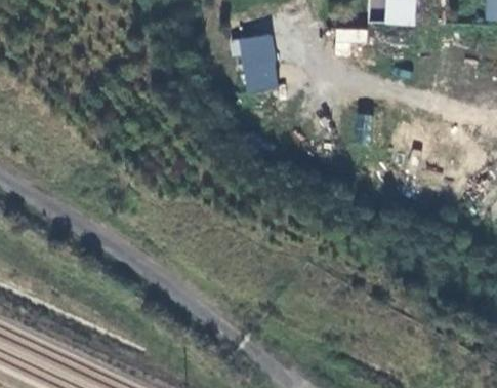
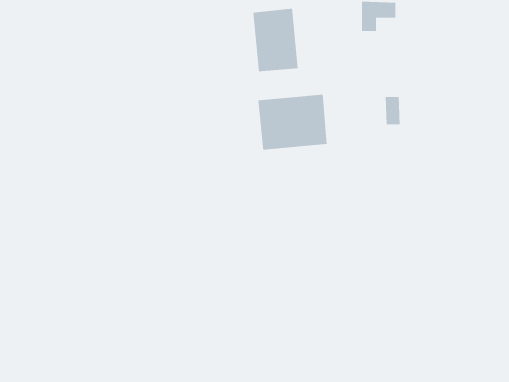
building: none -> [258,94,327,150]

